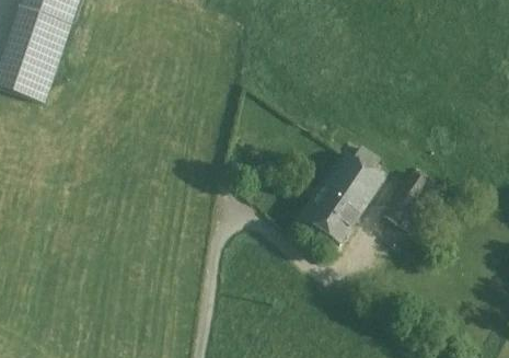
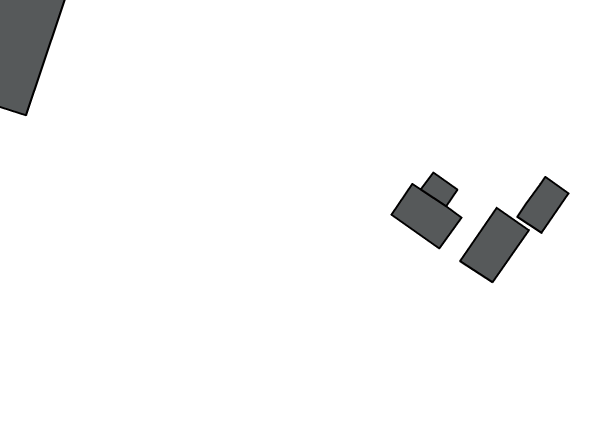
building: none -> [517,177,569,233]
building: [302,178,367,244] -> none

